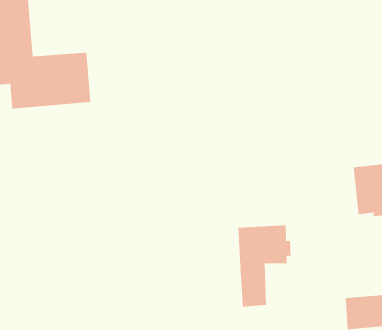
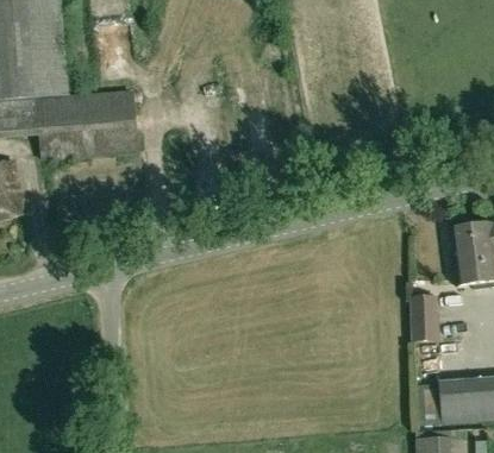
building: [238,224,291,307] -> none
building: none -> [411,296,438,340]

